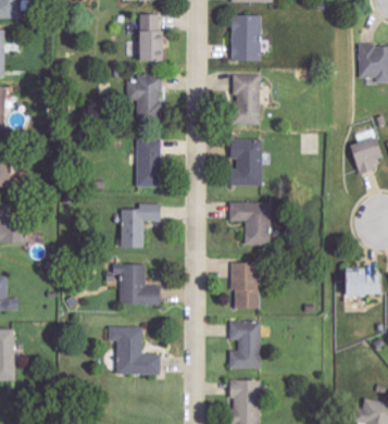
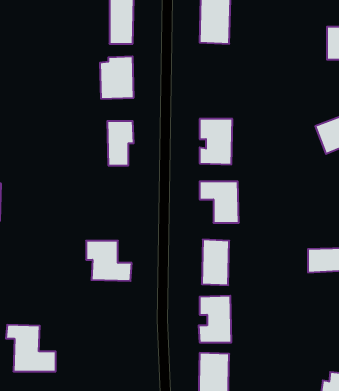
building: [229,74,260,125] -> none
building: [118,202,159,248] -> none
building: [108,326,159,374] -> [6,325,56,371]

